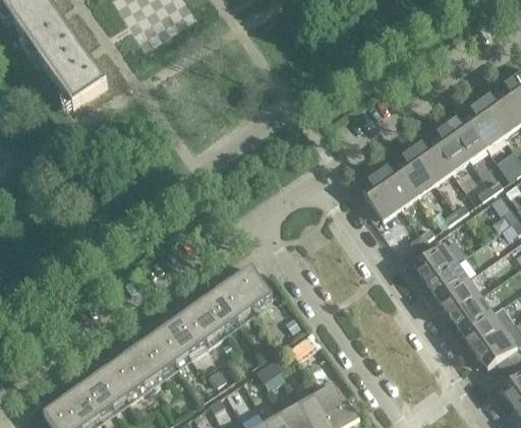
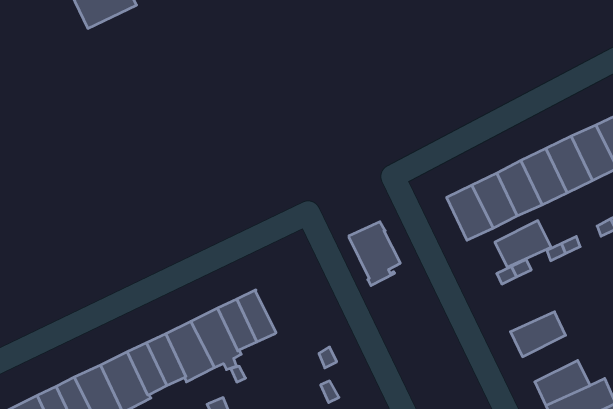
building: [413,242,456,281] -> [495,221,551,267]
building: [230,266,272,315] -> [349,222,400,286]
building: [438,277,479,315] -> none

